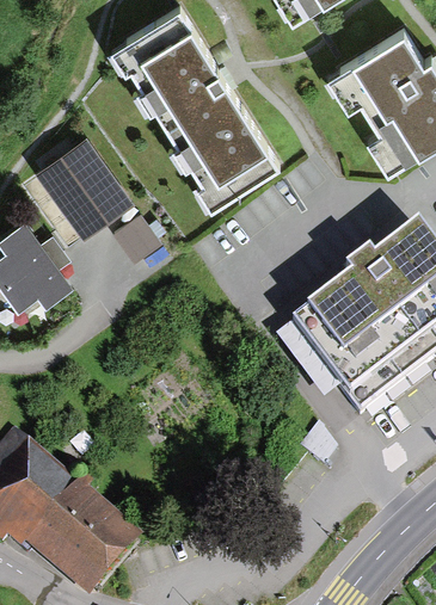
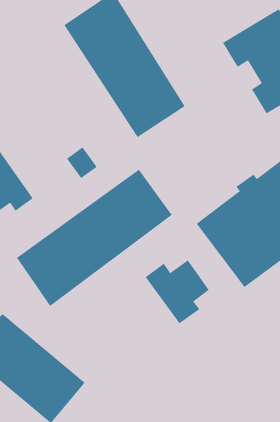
building: [35,132,134,236] -> none
building: none -> [16,169,172,307]
building: none -> [145,260,209,324]

